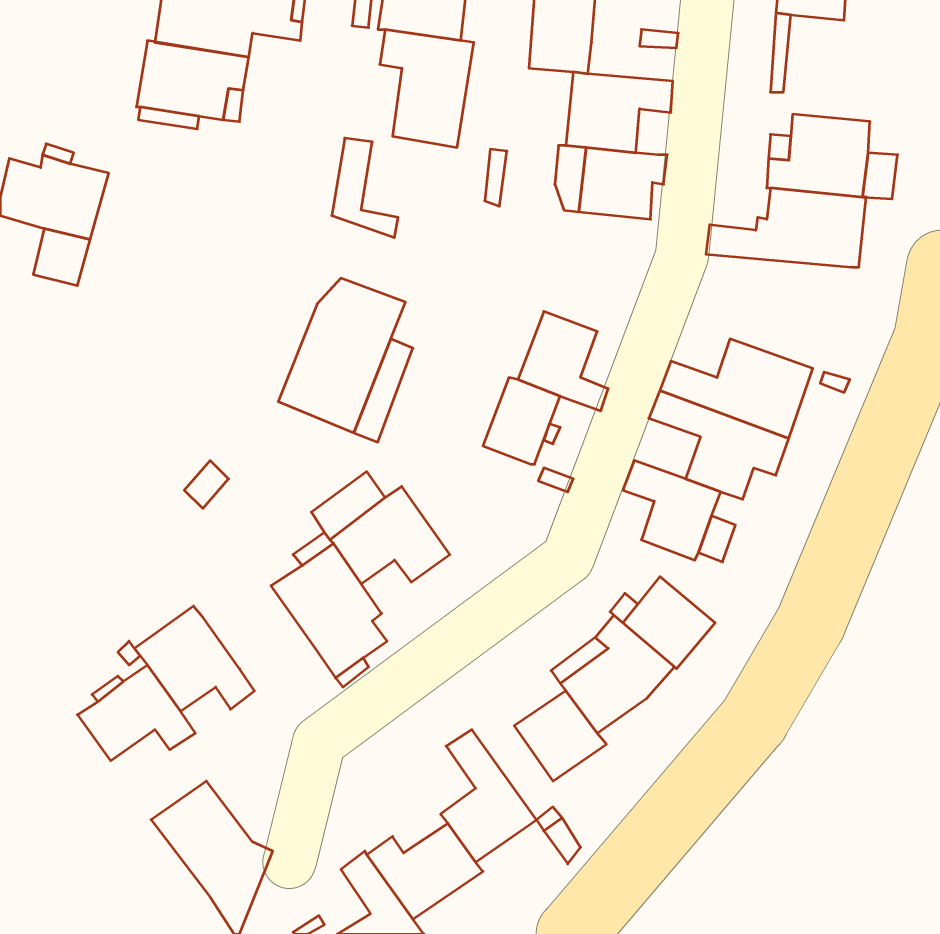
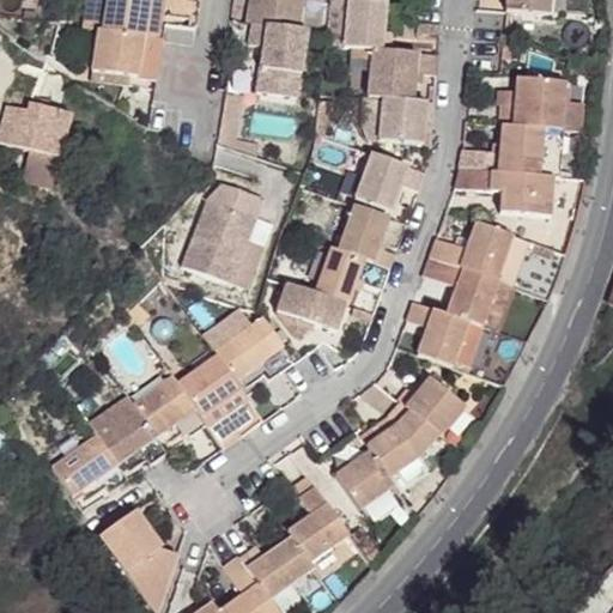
building: none -> [354,151,425,210]
building: none -> [455,165,554,214]
building: none -> [277,280,346,335]
building: none -> [133,374,206,435]

